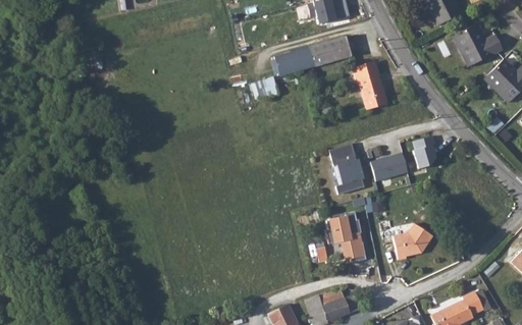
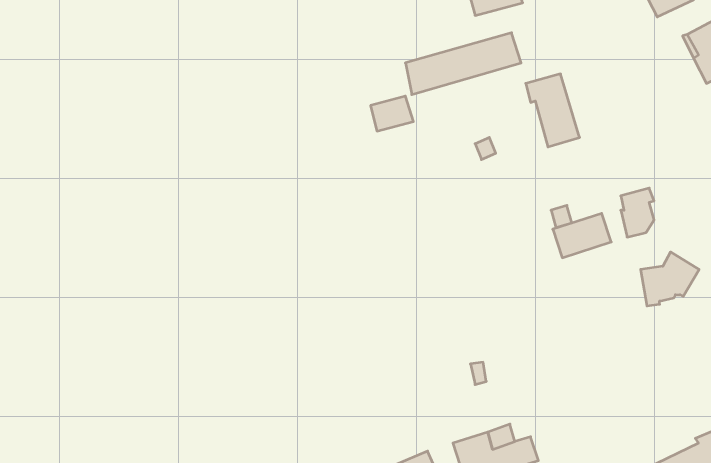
building: [329,144,365,195] -> none
building: [326,213,367,263] -> none
building: [394,225,431,260] -> [641,252,699,306]

